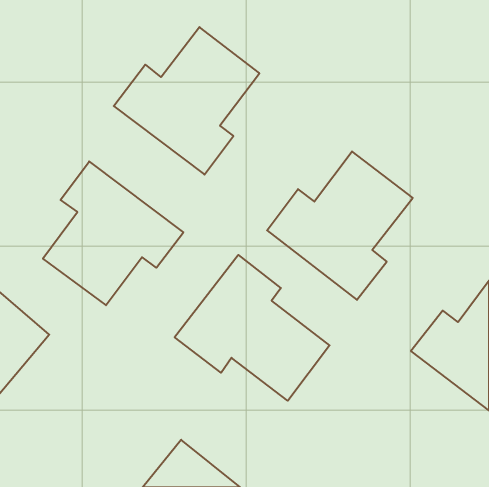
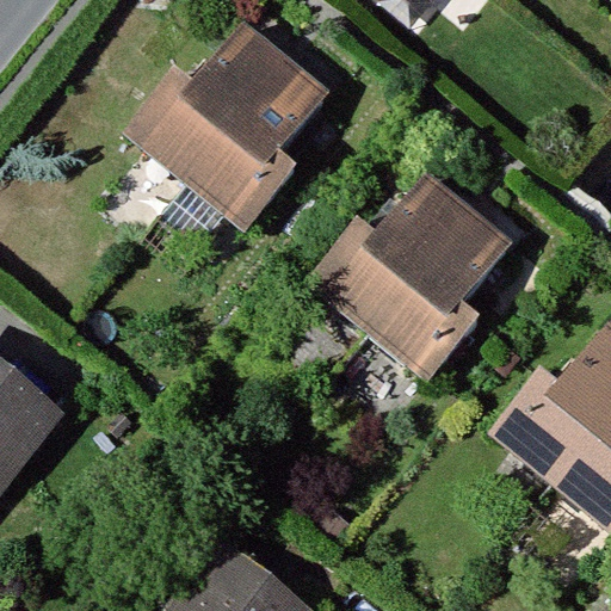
building: [43,161,183,305] -> none
building: [175,255,330,401] -> none

